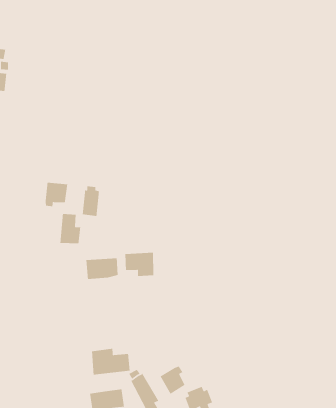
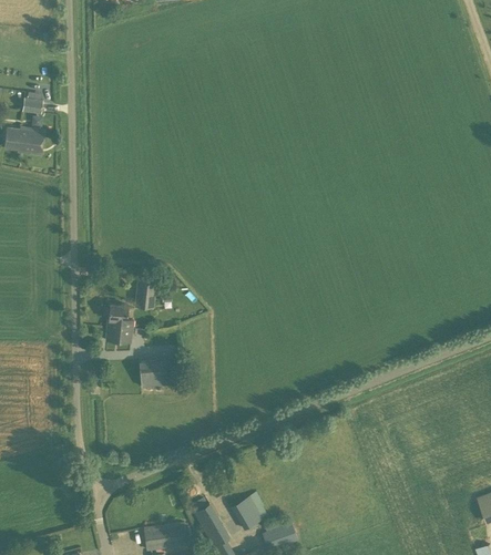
building: [45,182,68,207] -> none
building: [124,252,154,277] -> none
building: [91,348,131,375] -> none

